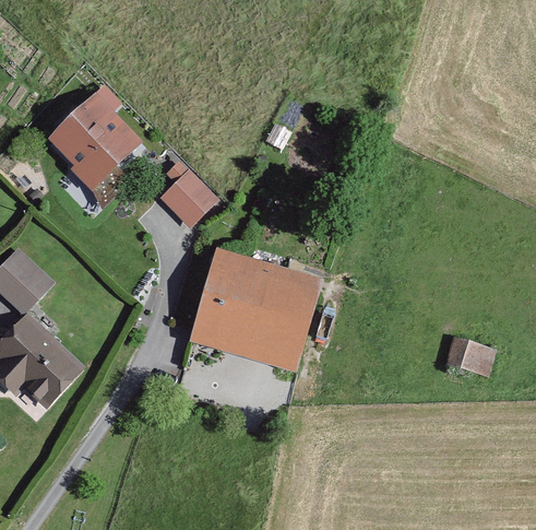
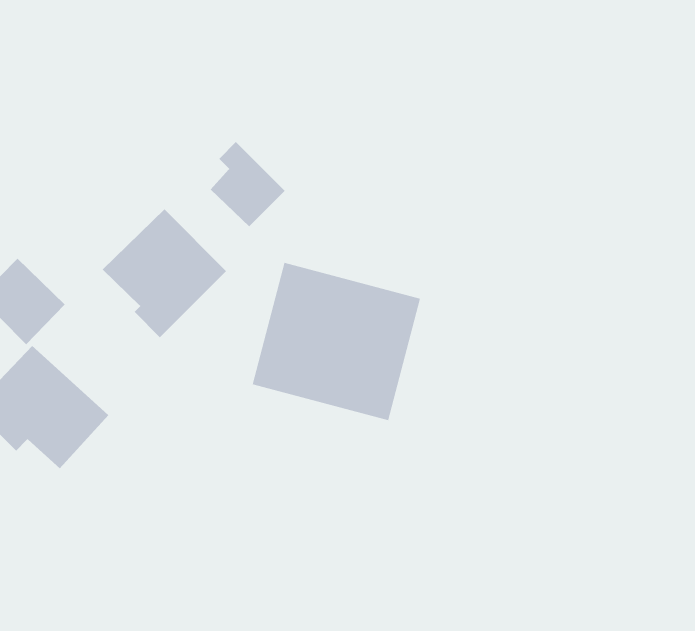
building: [46,94,140,191] -> [102,208,227,338]
building: [450,333,500,370] -> none

